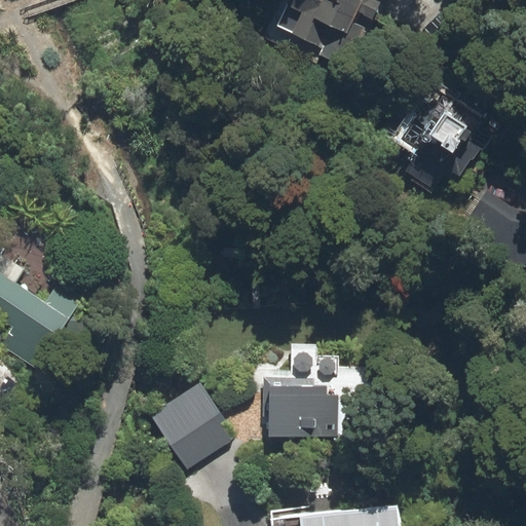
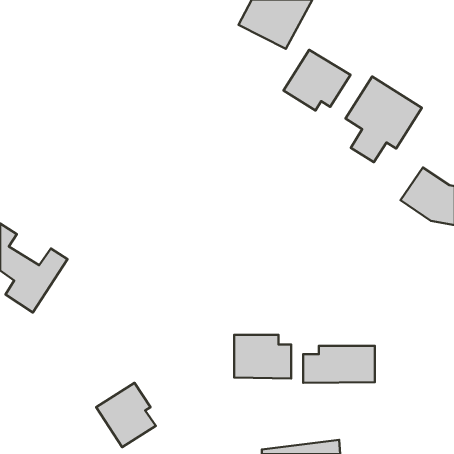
building: none -> [283,50,351,111]
building: [157,388,226,462] -> [96,383,156,447]
building: none -> [303,346,375,383]

